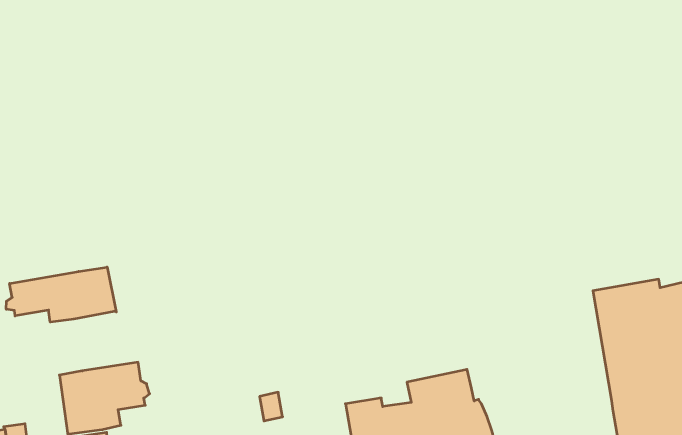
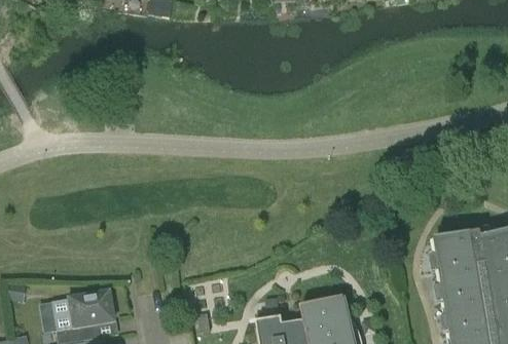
building: [6,267,116,322] -> none

